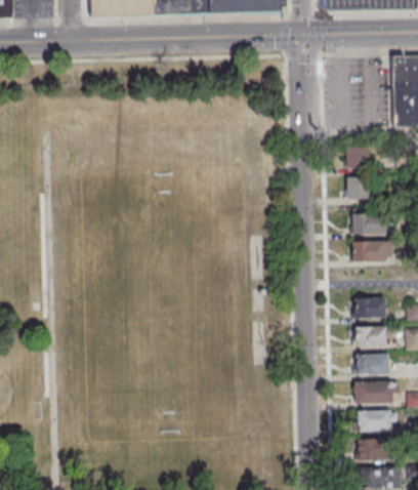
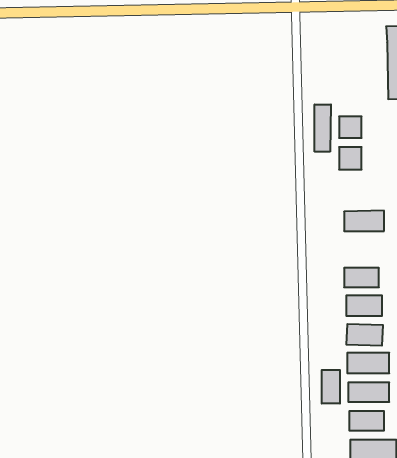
building: none -> [315,104,331,152]
building: [350,212,384,233] -> none
building: none -> [322,370,340,404]

